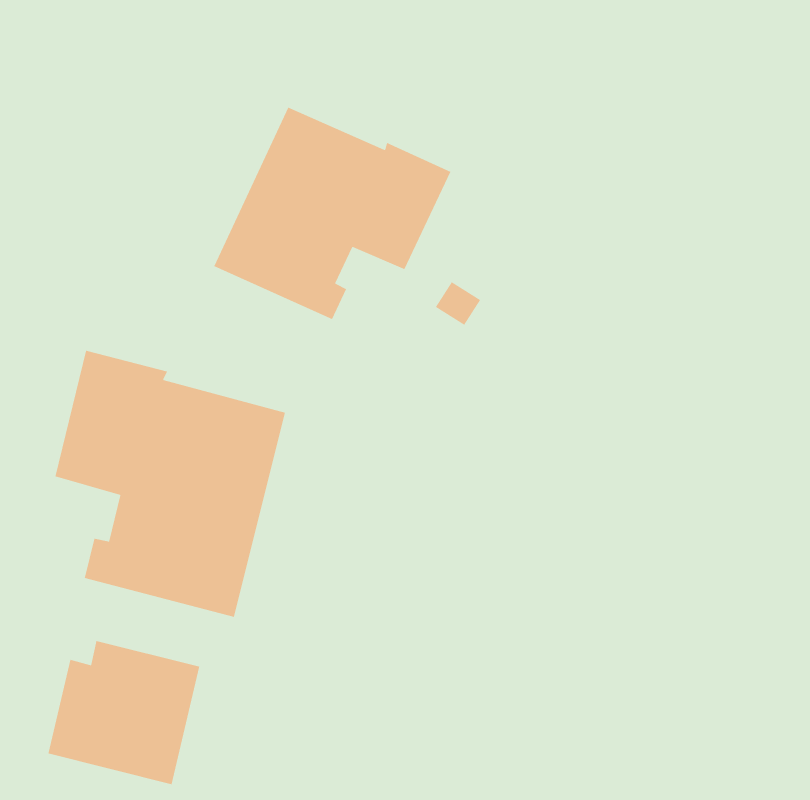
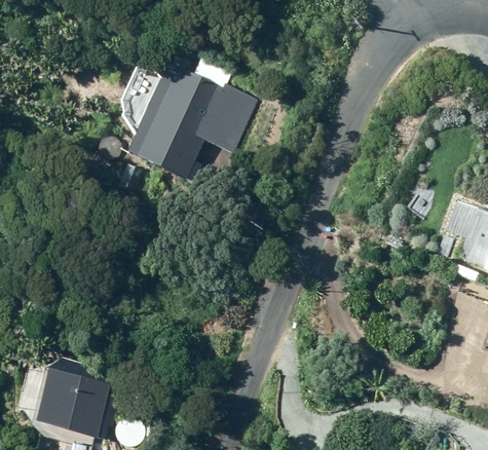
building: [54,350,286,618] -> none

